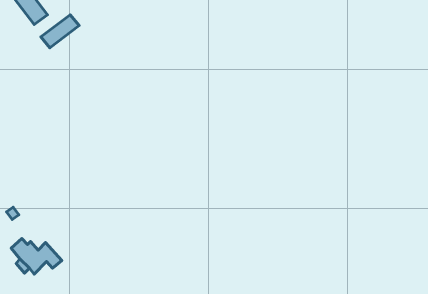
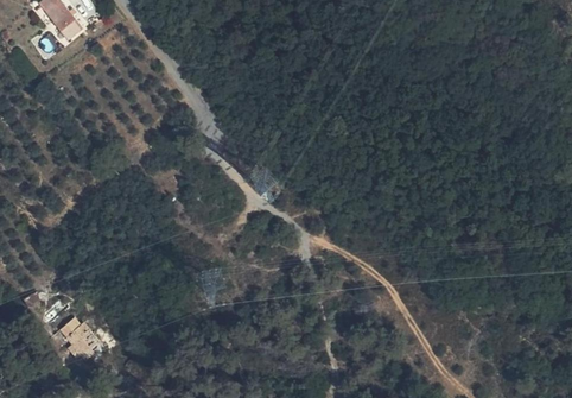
building: [41,15,79,48] -> none

